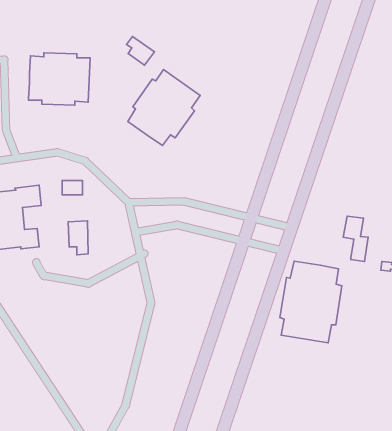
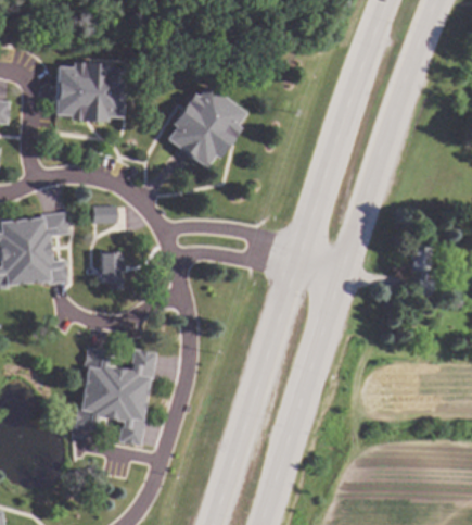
building: [126,36,155,65] -> none
building: [280,261,342,343] -> none
building: none -> [77,349,157,443]

